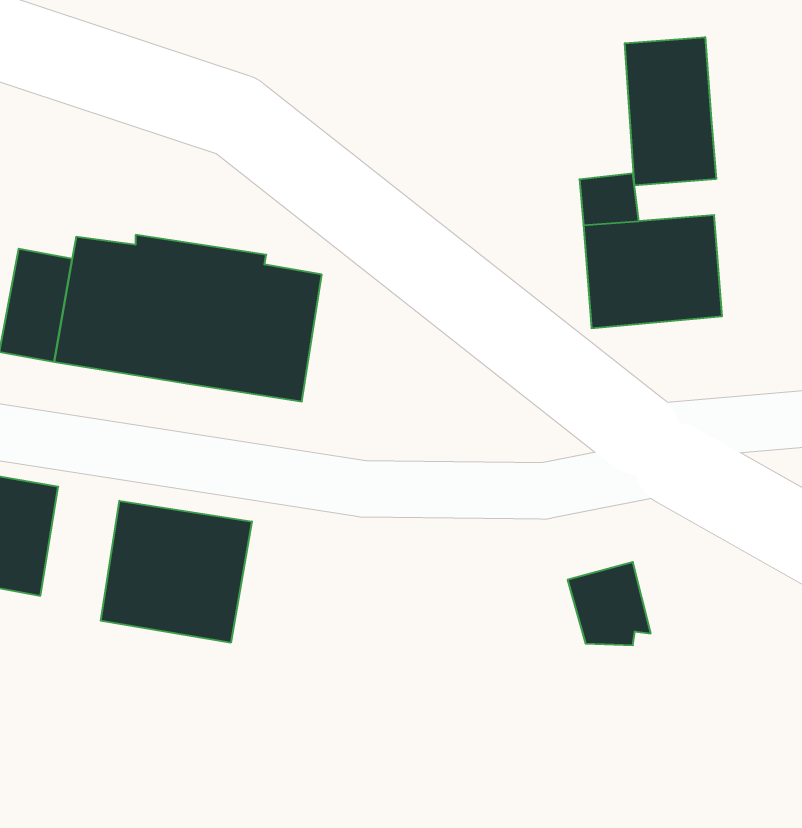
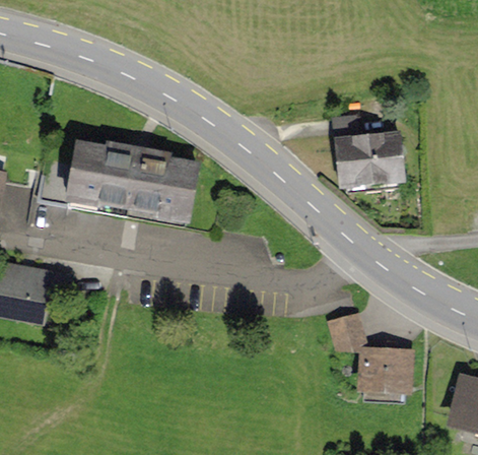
building: [625,37,716,185] -> none
building: [101,501,252,643] -> none
building: none -> [357,344,414,395]

